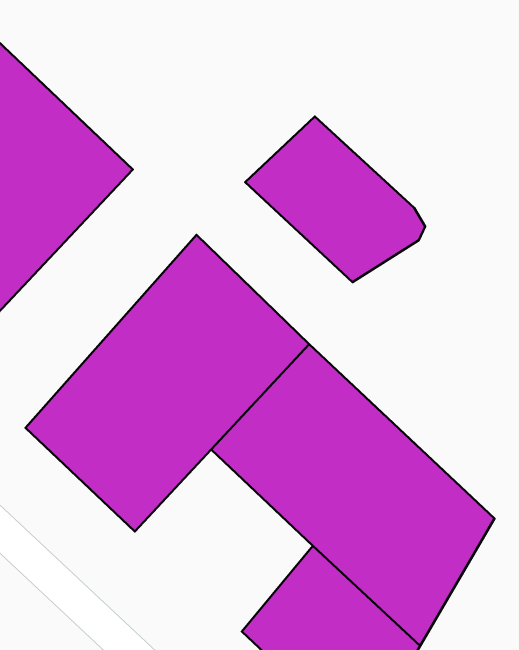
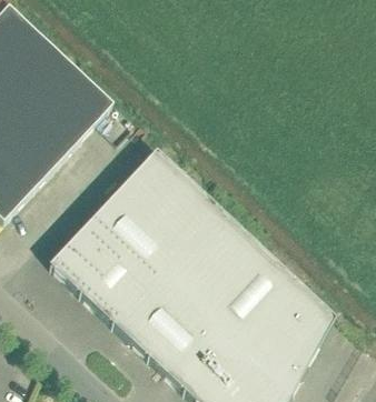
building: [245,117,425,282] -> none
building: none -> [112,278,221,389]

